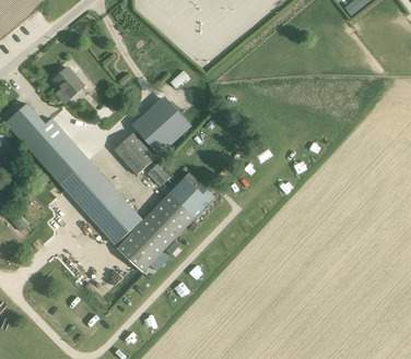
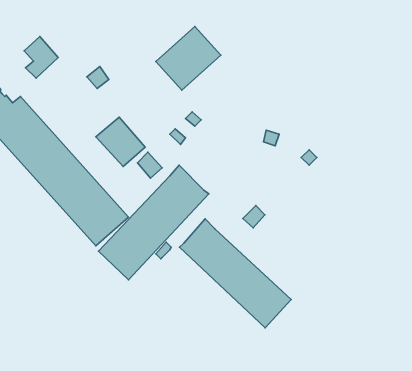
building: [134,100,189,154] -> [156,26,221,90]
building: none -> [179,219,291,328]

